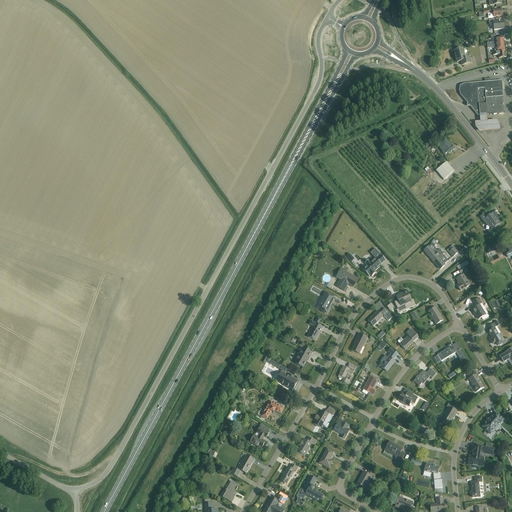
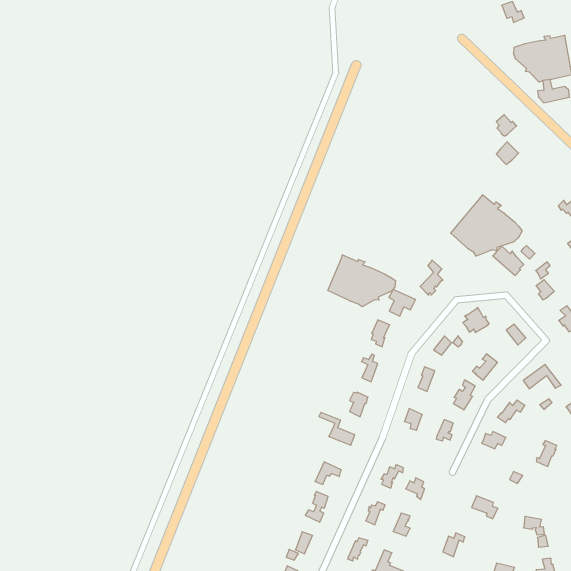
building: none -> [451,195,522,256]
building: none -> [328,255,396,307]

